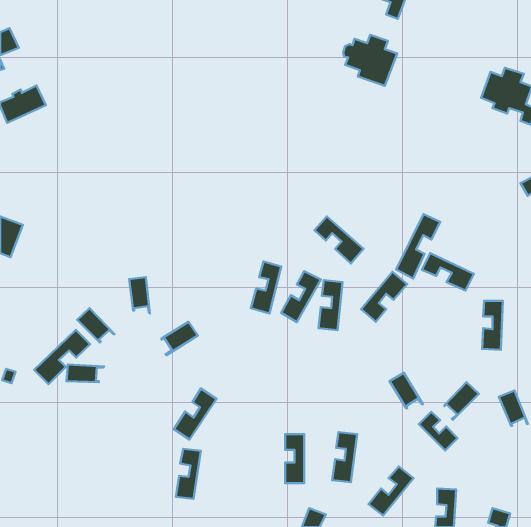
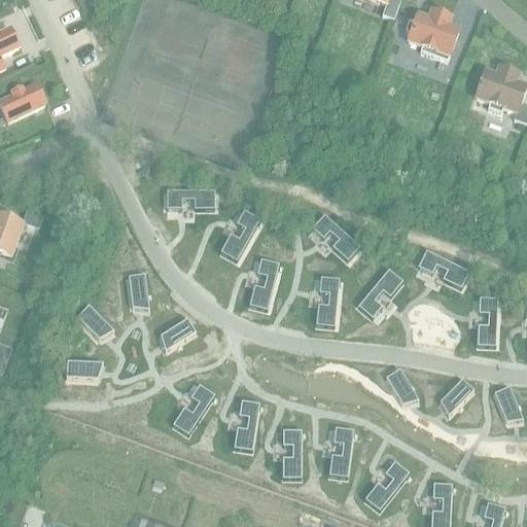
building: [343,35,397,86] -> [407,10,460,61]
building: none -> [167,189,215,208]
building: [396,214,440,279] -> none
building: [281,271,321,322] -> [221,210,260,260]
building: [34,330,90,384] -> none
building: [419,412,458,451] -> none
building: [176,449,201,499] -> [235,400,259,450]

